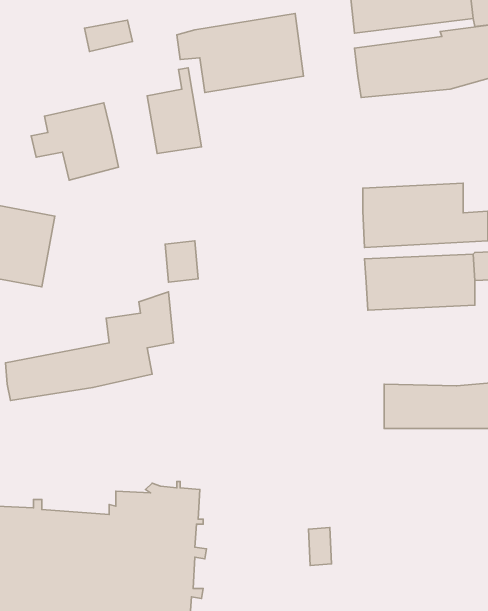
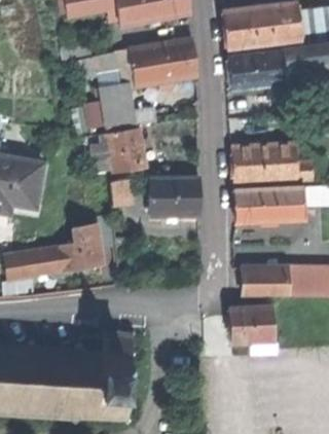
building: [31,103,119,180] -> [92,128,146,176]
building: none -> [149,176,199,216]
building: none -> [229,305,275,350]

